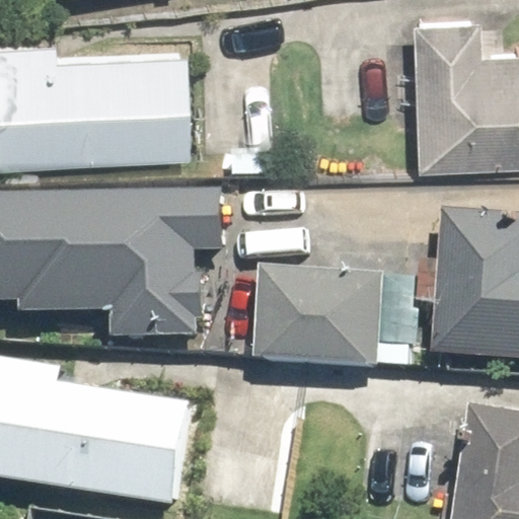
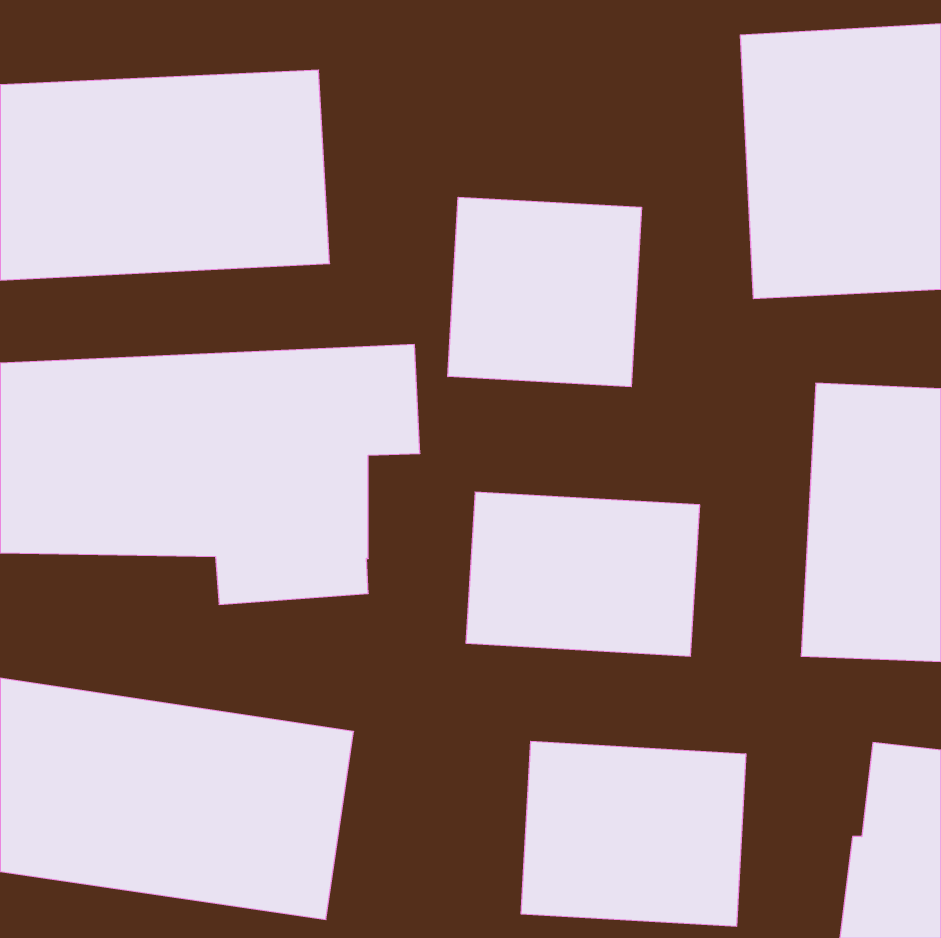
building: none -> [448,197,641,387]
building: none -> [521,741,746,926]

